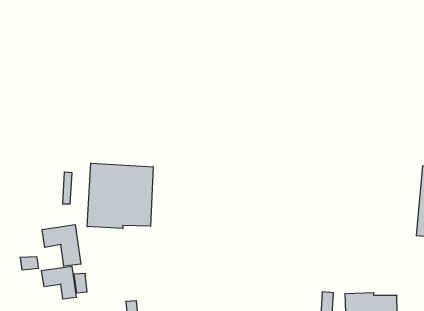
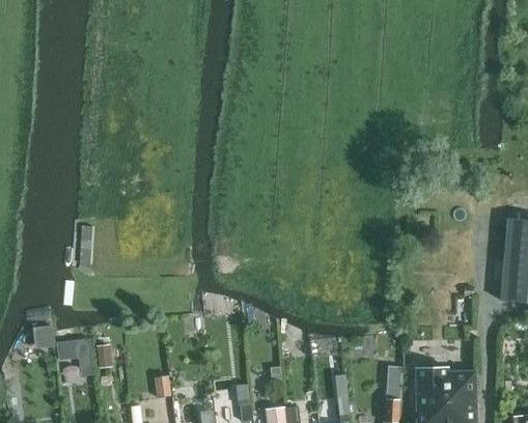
building: [87,163,153,229] -> none
building: [42,225,81,266] -> none

